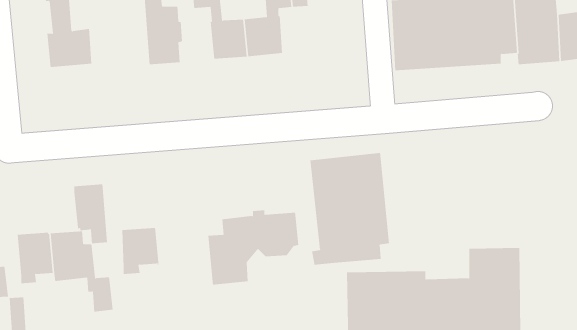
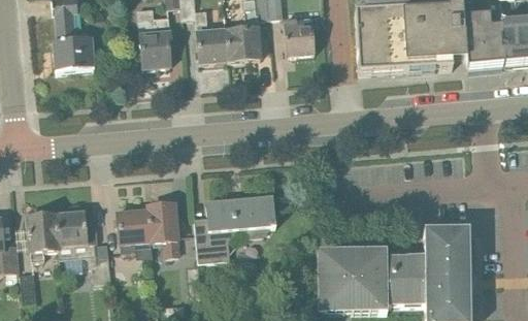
building: none -> [284,17,316,54]
building: [310,152,389,266] -> none
building: [74,184,108,244] -> [150,202,179,255]

